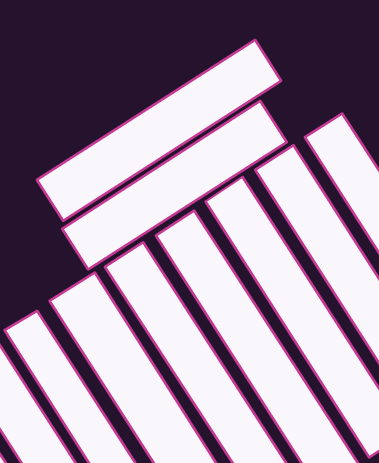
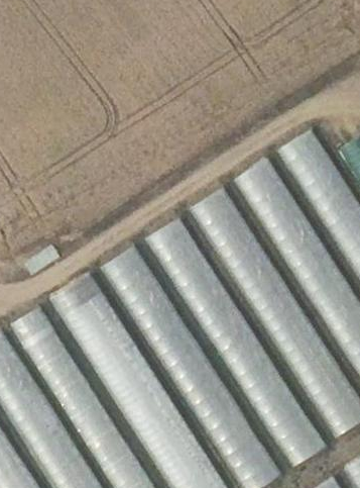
building: [37,40,281,221] -> none
building: [62,101,287,270] -> none

